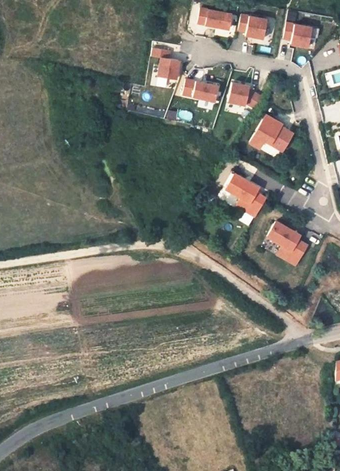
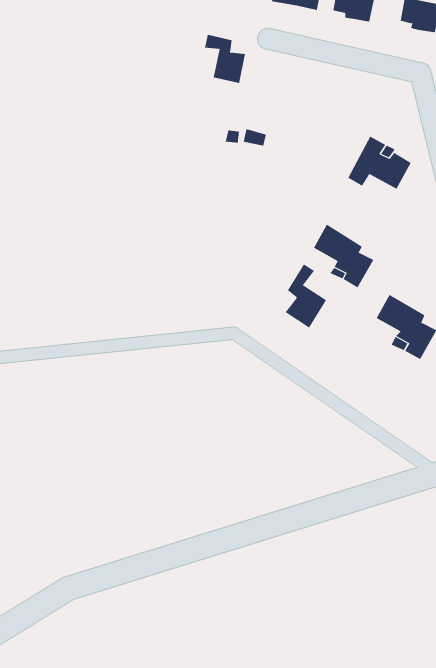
building: [182,77,218,99] -> none
building: [227,82,262,107] -> none
building: none -> [285,263,327,328]

